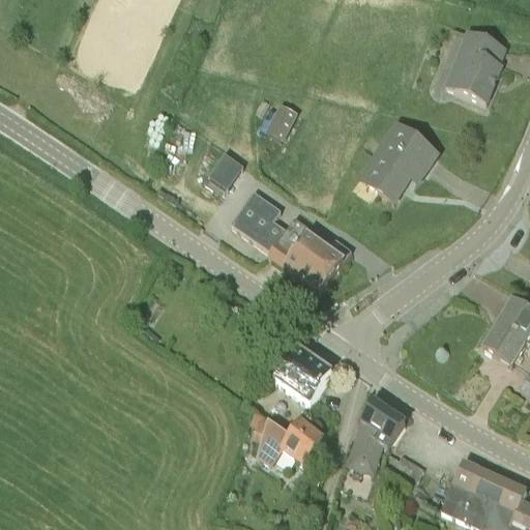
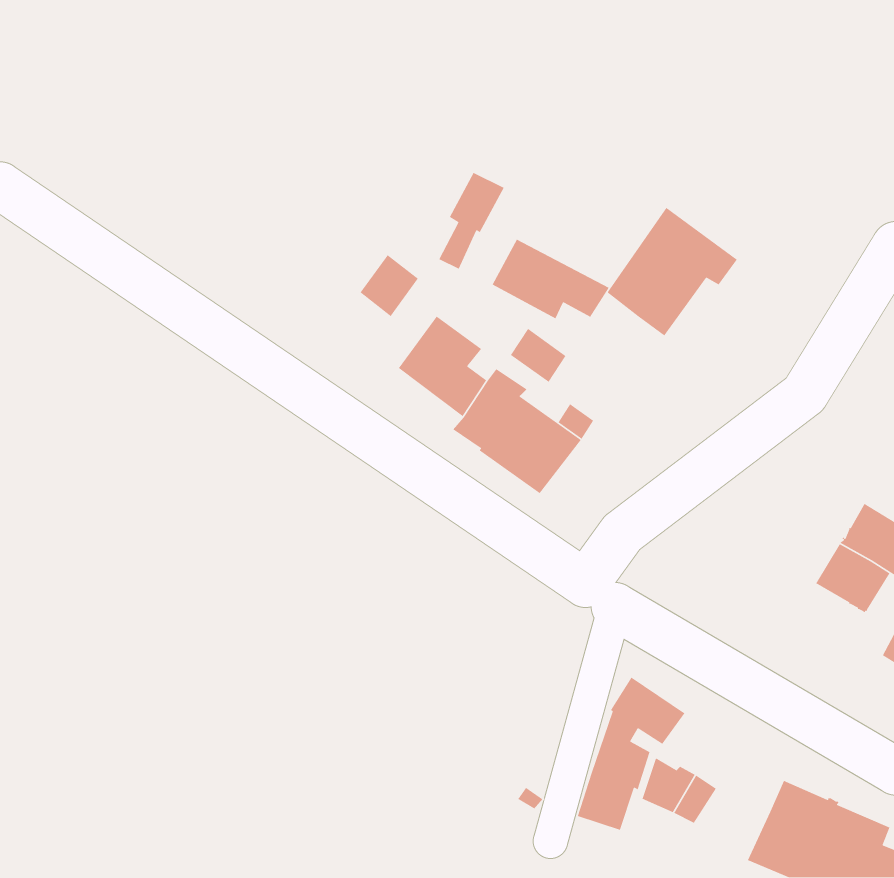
building: [443,32,502,100] -> none
building: none -> [491,238,610,320]
building: none -> [510,328,566,383]
building: [274,347,332,403] -> none
building: [249,408,321,463] -> none

